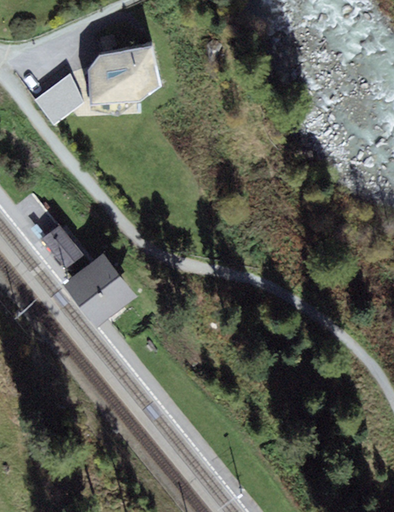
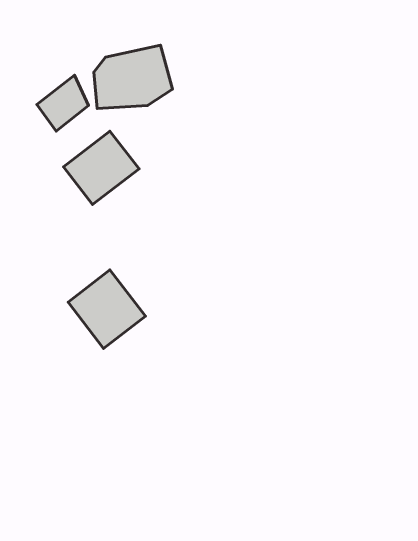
building: none -> [63,131,139,205]
building: [41,224,82,267] -> none

